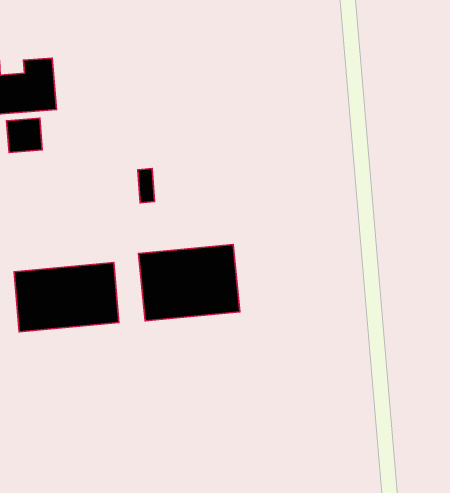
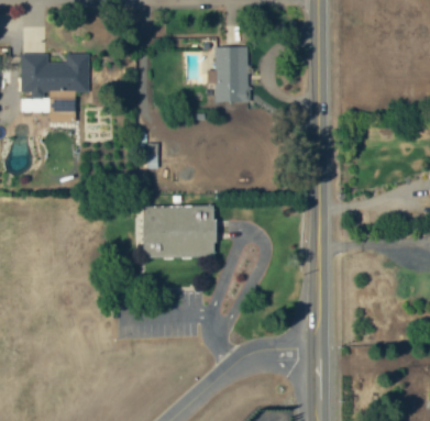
building: none -> [214,46,249,102]
building: [14,263,119,332] -> none

